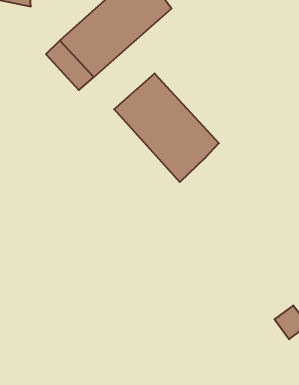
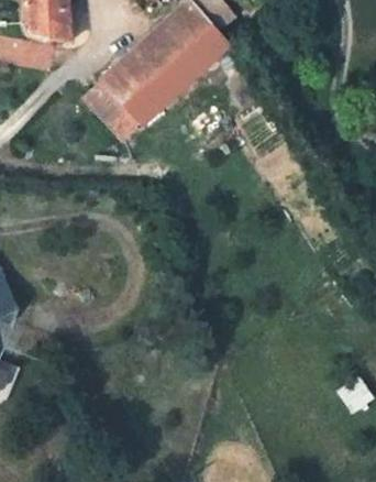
building: [114,73,219,182] -> none

